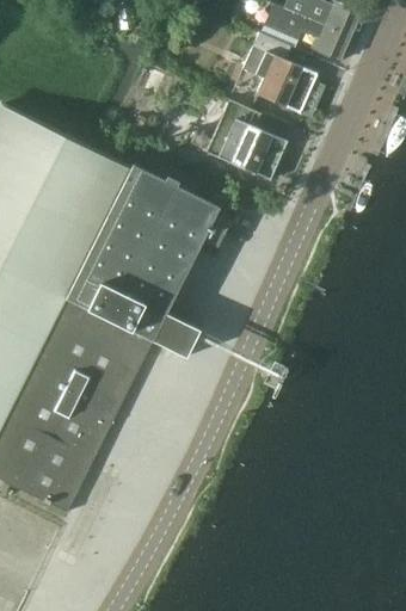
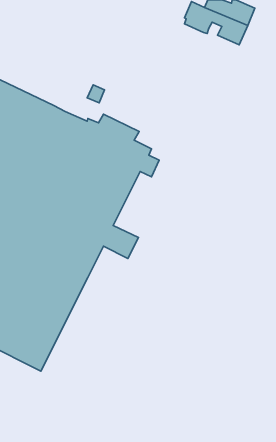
building: [242,32,316,113] -> none
building: [205,100,288,181] -> none

